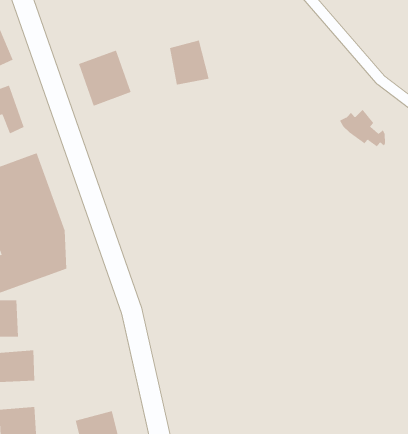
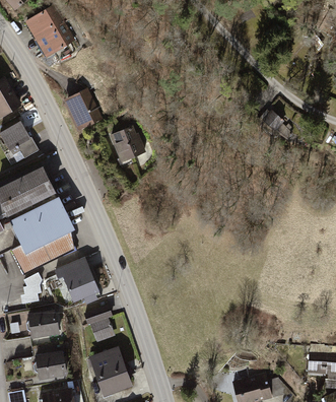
building: [169,40,209,85] -> [106,129,137,163]
building: none -> [56,257,100,300]
building: none -> [85,306,115,342]

